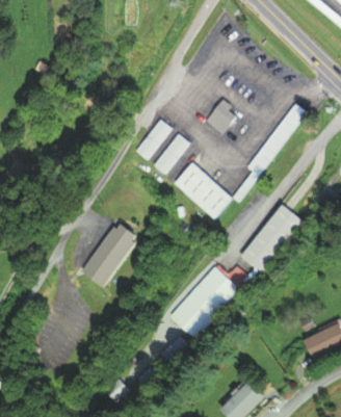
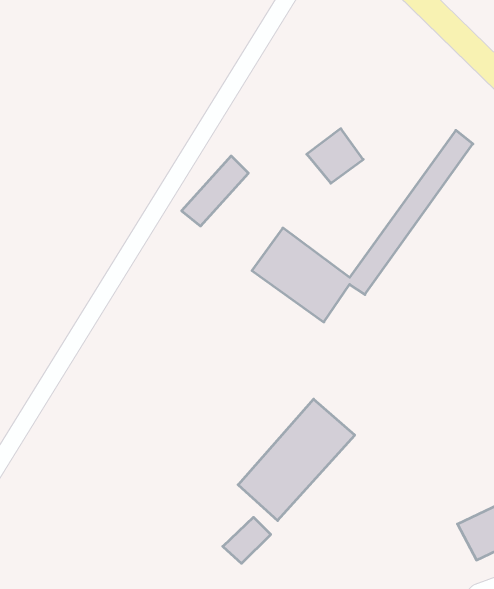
building: [149,132,191,175] -> none
building: [236,204,303,273] -> none
building: [83,218,145,286] -> none

